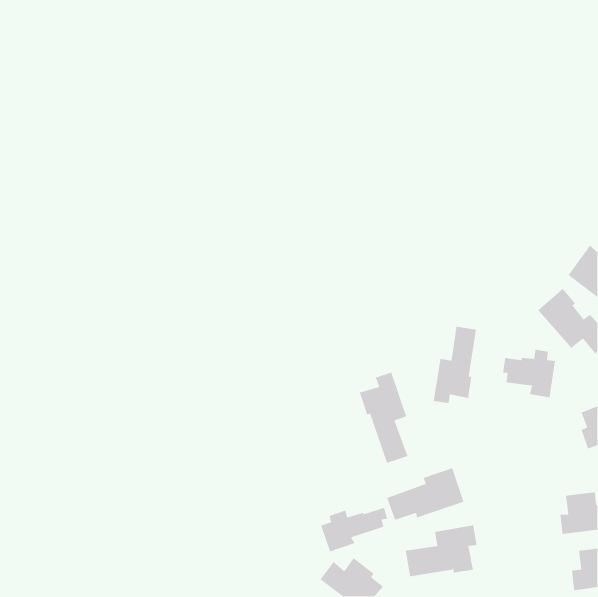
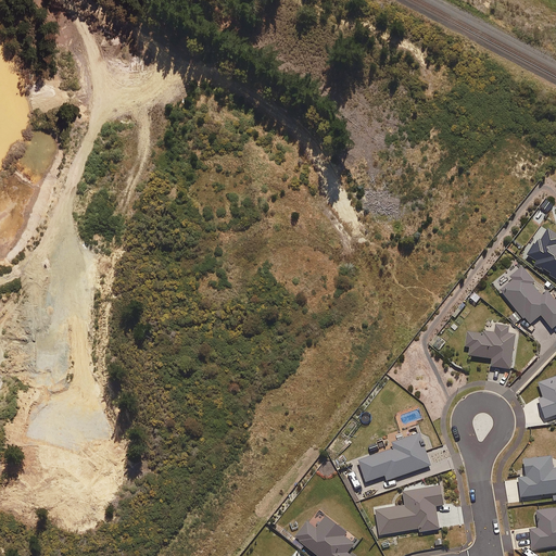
building: [433,326,477,404] -> none
building: [359,371,408,464] -> none
building: [320,507,388,553] -> none

